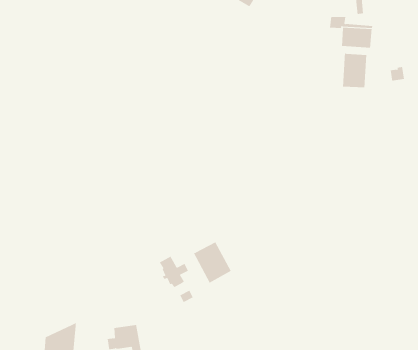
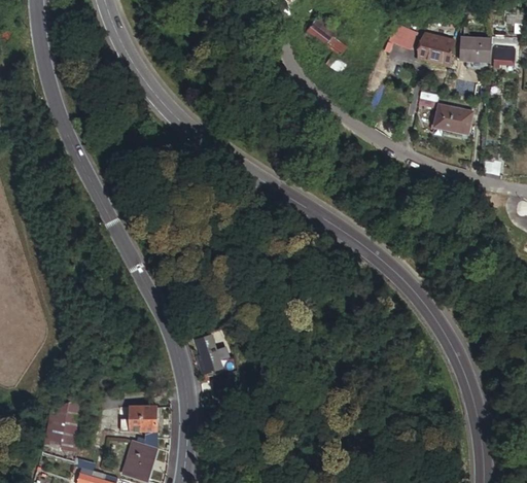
building: [342,53,367,88] -> none
building: [193,242,231,283] -> none

